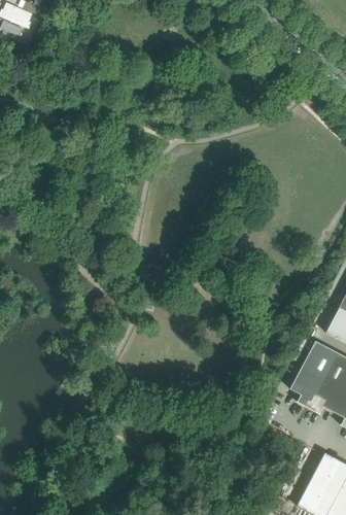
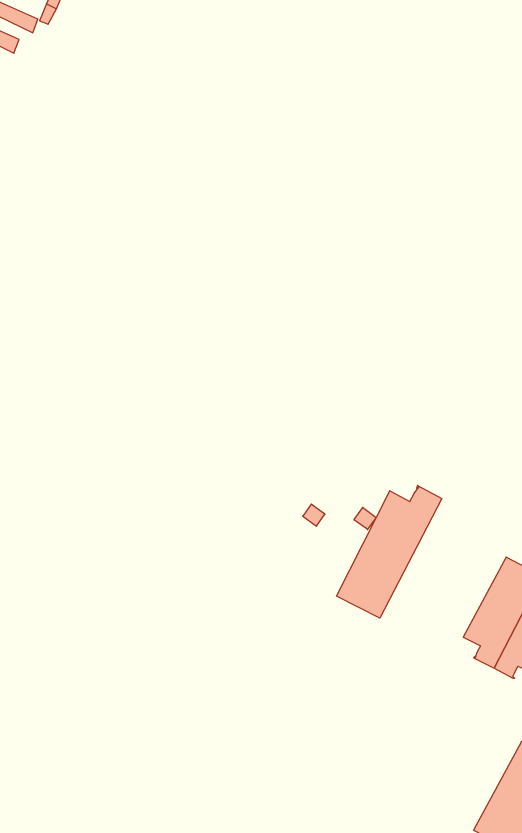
building: none -> [337,485,442,618]

